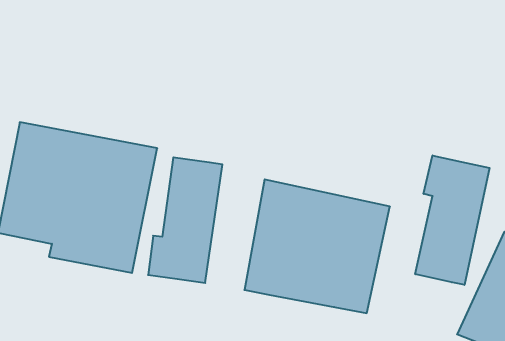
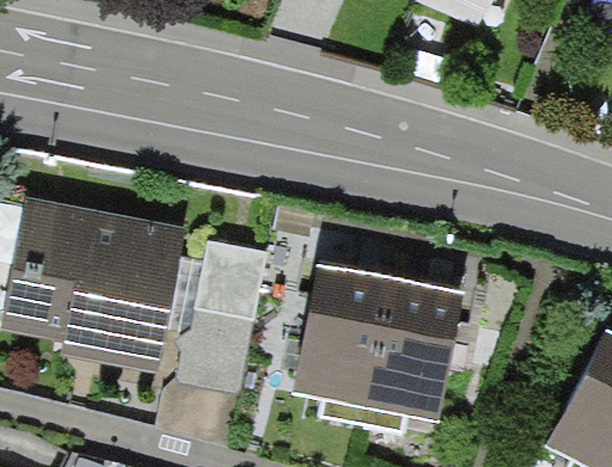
building: [415,155,490,285] -> none

